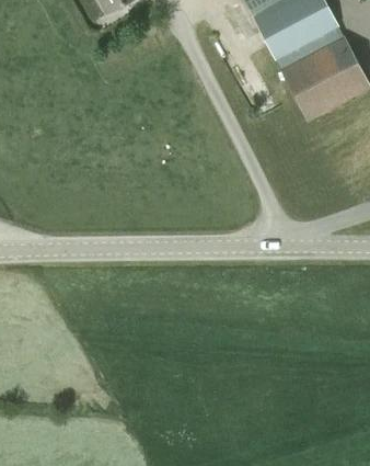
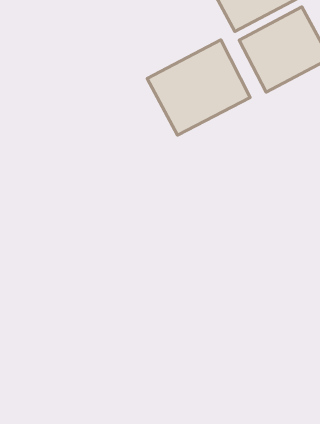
building: none -> [147,40,250,135]

